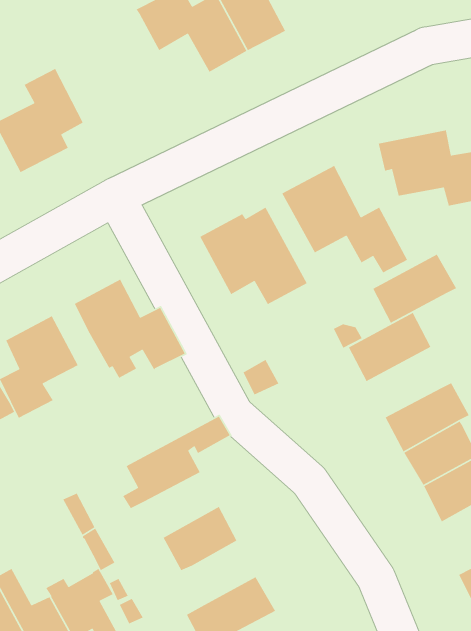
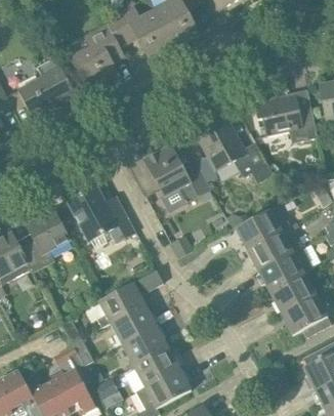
building: none -> [70,24,124,92]
building: [372,253,457,324] -> [246,227,298,271]
building: none -> [110,304,156,344]
building: none -> [132,346,178,386]

